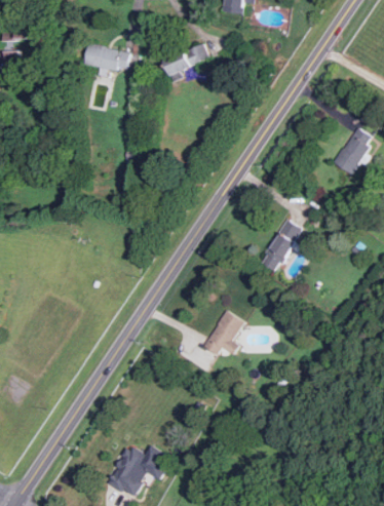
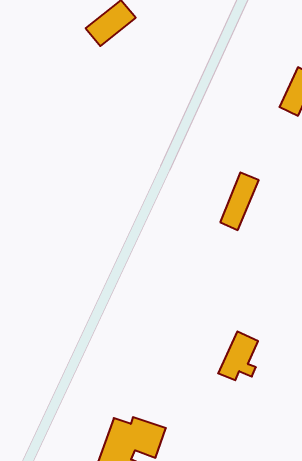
building: [86,44,130,74] -> none
building: [202,311,245,357] -> [218,331,258,380]

